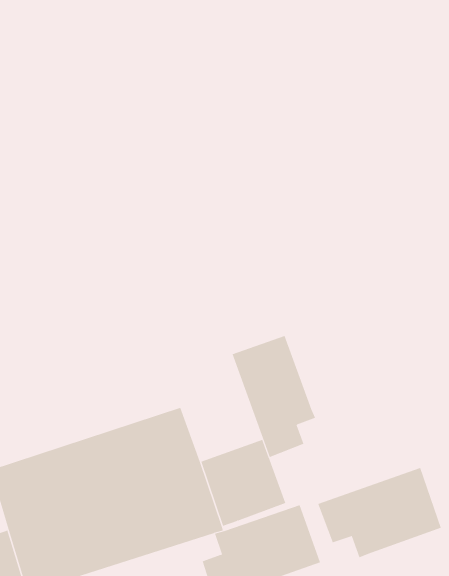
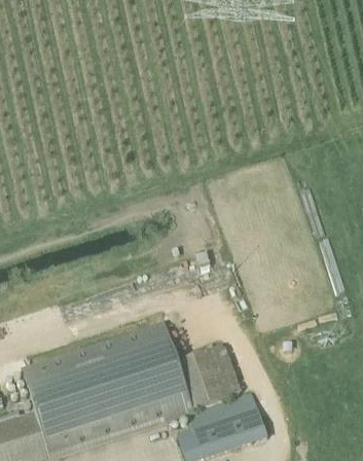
building: [232,335,316,458] -> none
building: [318,467,441,558] -> none

